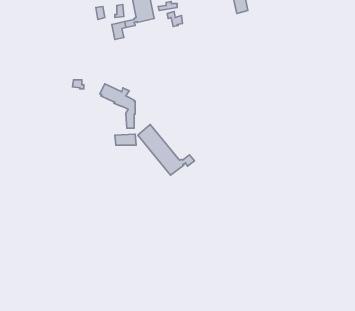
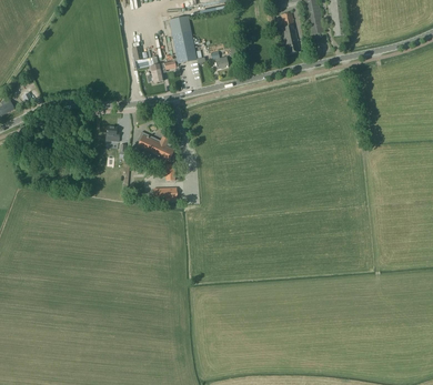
building: [138,124,195,175] -> none

